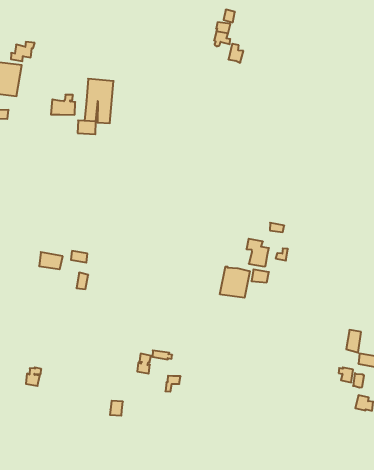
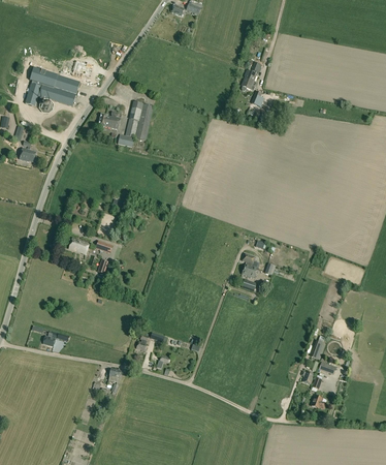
building: [220,267,250,298] -> none

